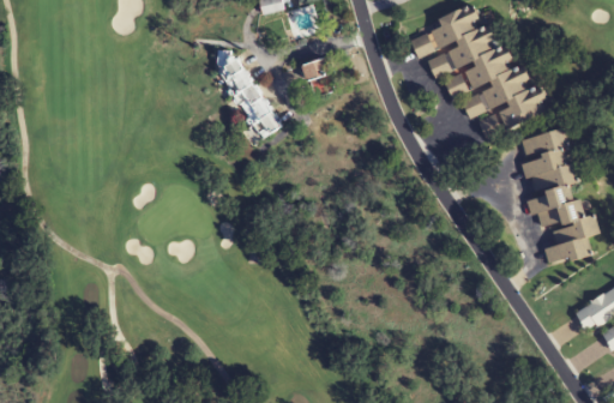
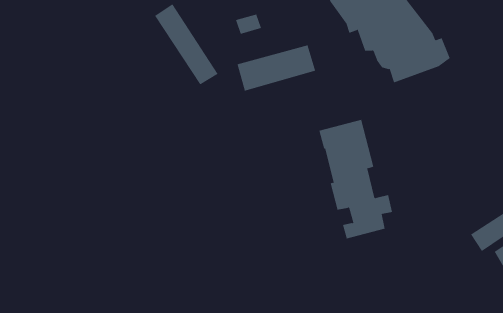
building: none -> [237,44,316,92]
building: [514,125,601,264] -> [318,119,393,239]

